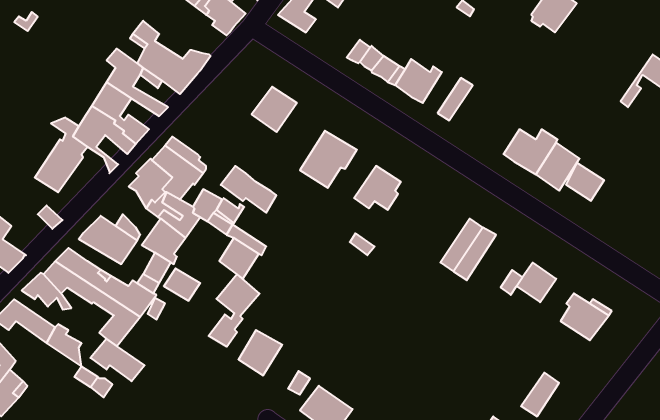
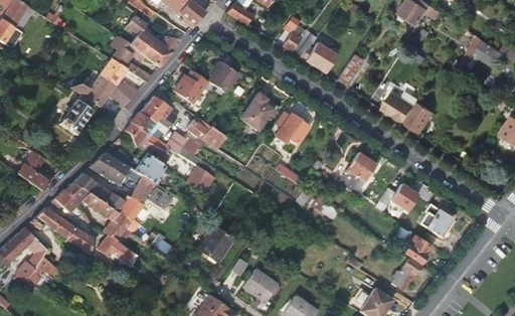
building: none -> [173,68,207,103]
building: [566,163,604,201] -> none
building: [209,274,260,347] -> none
building: none -> [403,235,432,263]

